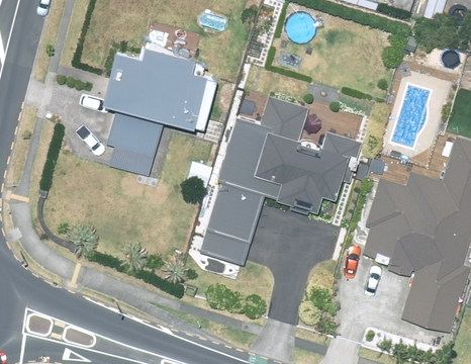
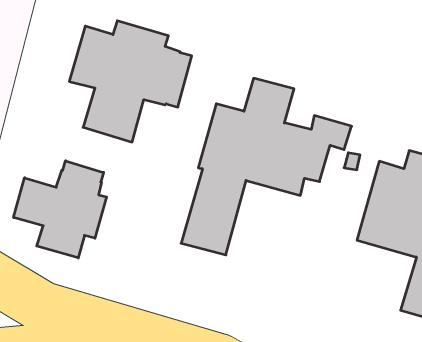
building: none -> [14,161,107,258]

